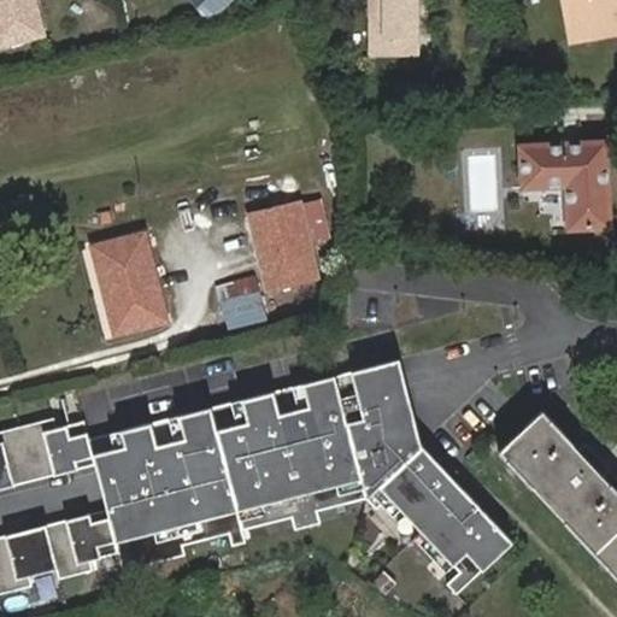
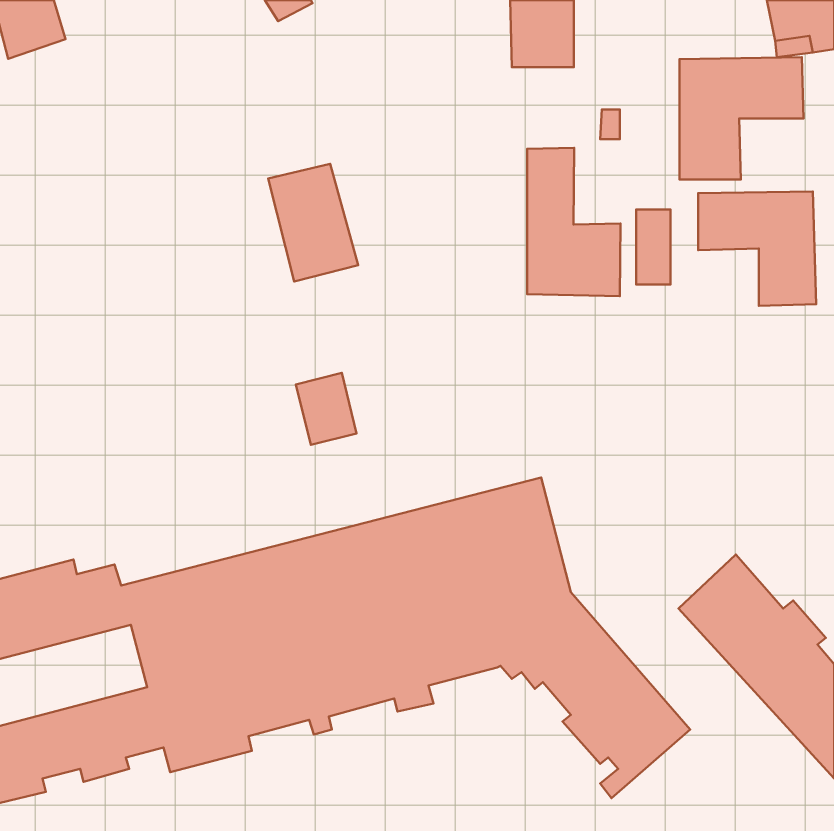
building: none -> [680,57,804,180]
building: none -> [527,148,621,296]
building: [252,201,318,288] -> [268,164,358,282]
building: [98,235,168,333] -> none

